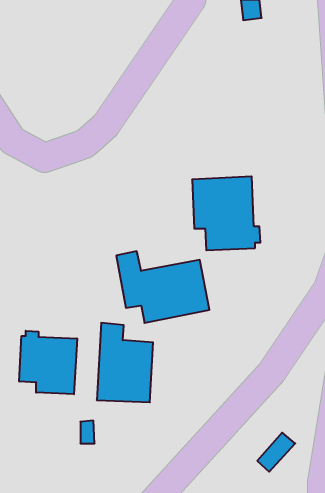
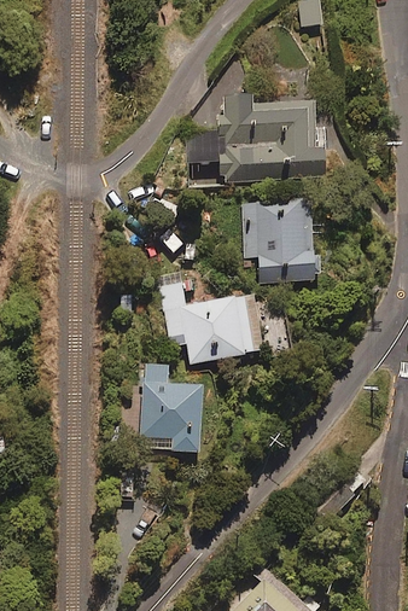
building: none -> [191,93,319,184]
building: [19,331,77,394] -> none

